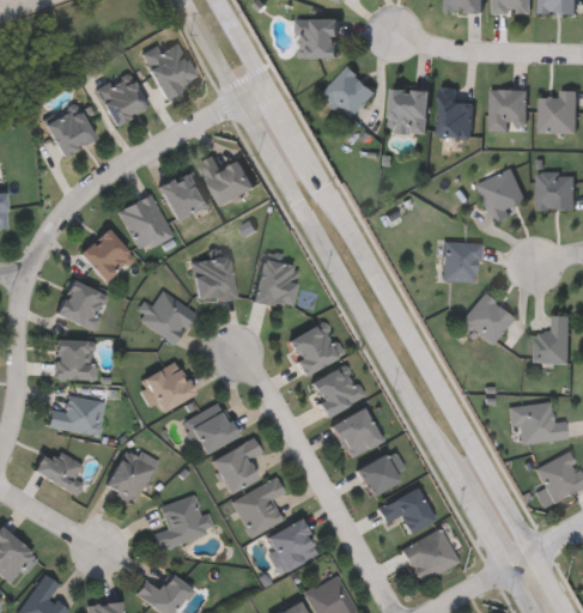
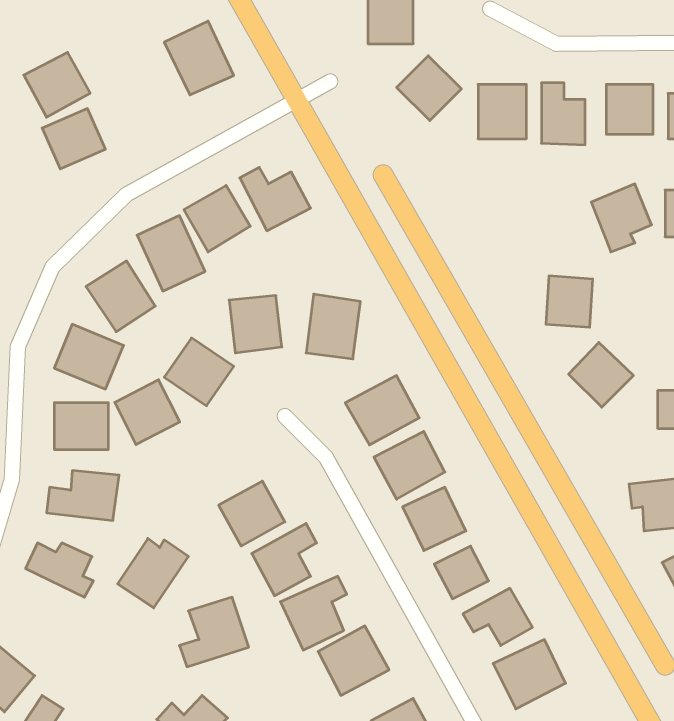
building: [96,74,148,126] -> [24,52,90,117]
building: [142,360,194,412] -> [115,380,180,445]

